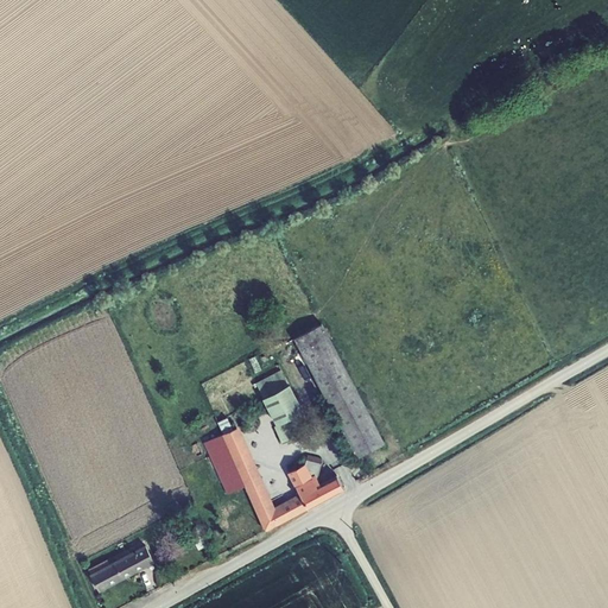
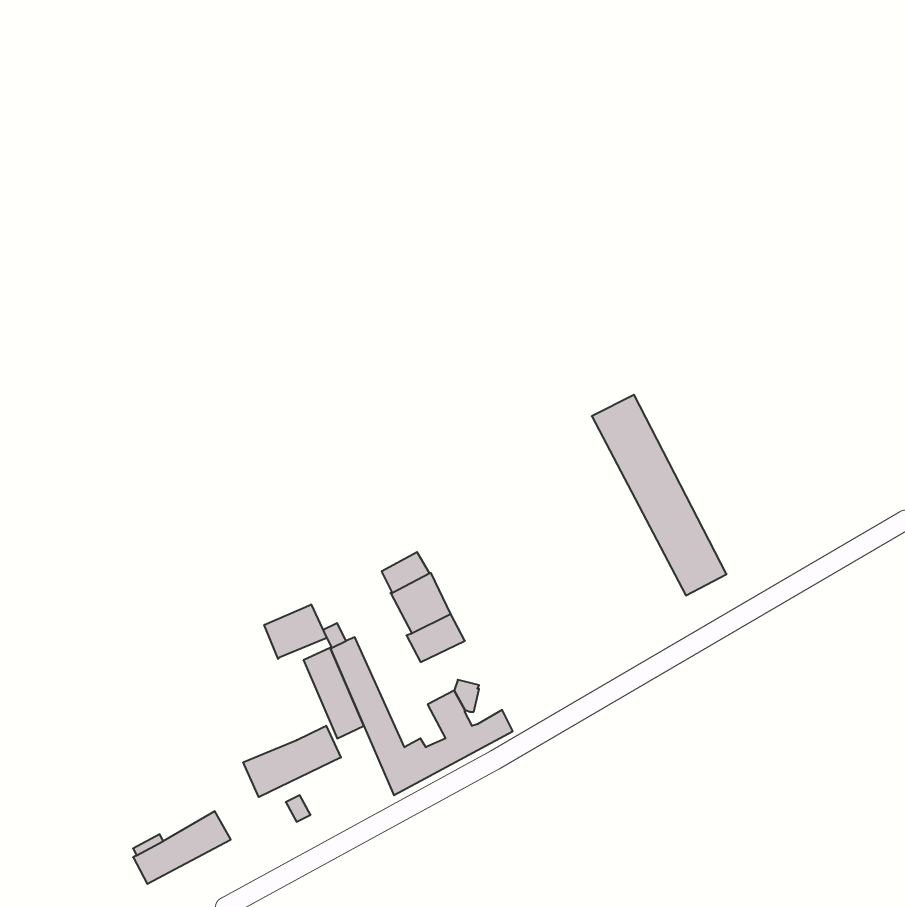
building: [293,323,384,457] -> [592,395,727,595]
building: none -> [264,604,326,659]
building: none -> [243,726,341,797]

